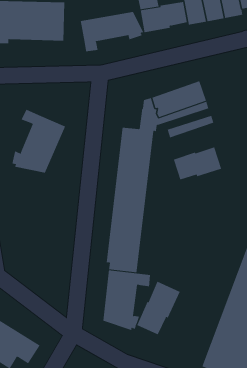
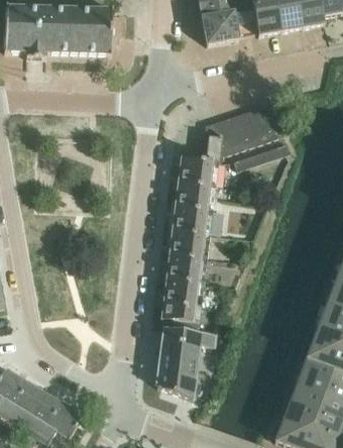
building: [80,11,144,52] -> none
building: [12,109,66,173] -> none
building: [173,146,222,183] -> none
building: [137,281,180,336] -> none

